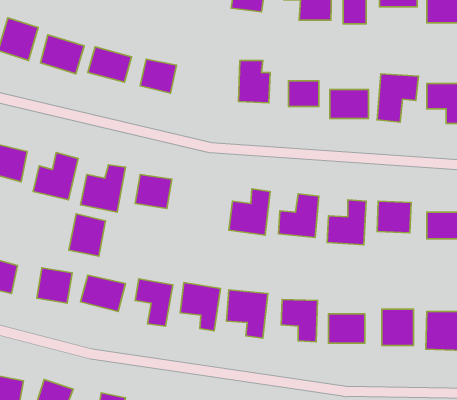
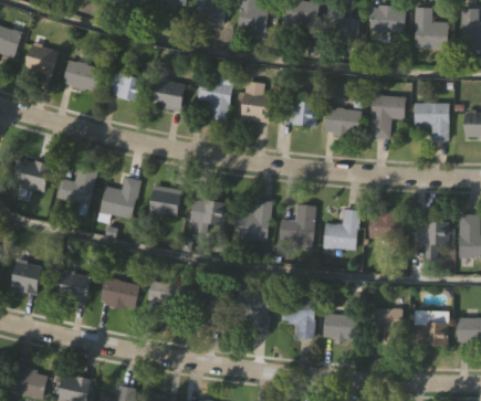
building: none -> [196,74,233,120]
building: none -> [192,200,223,230]
building: [69,214,106,256] -> none

